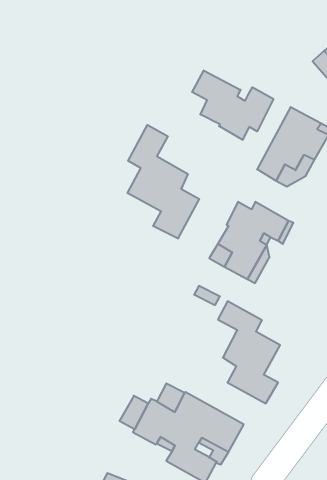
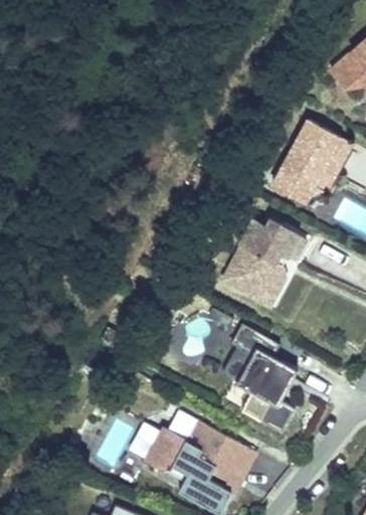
building: [192,70,273,140] -> none
building: [127,125,199,239] -> none

